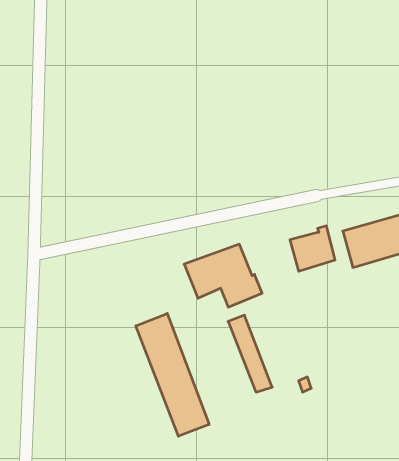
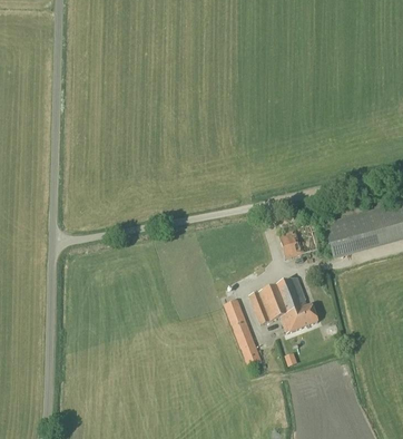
building: [184,244,262,307] -> [248,277,317,333]
building: [136,313,209,436] -> none

